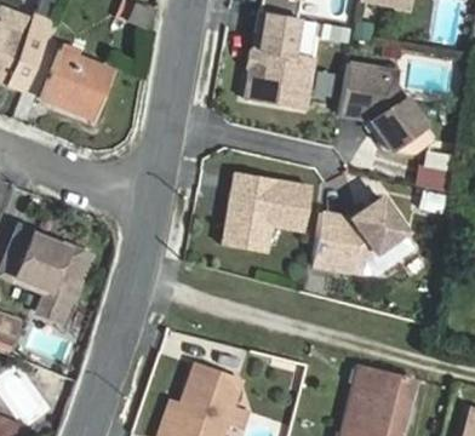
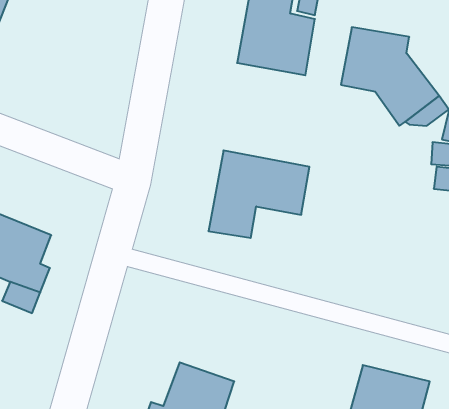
building: [41,47,114,119] -> none
building: [309,197,405,275] -> none

